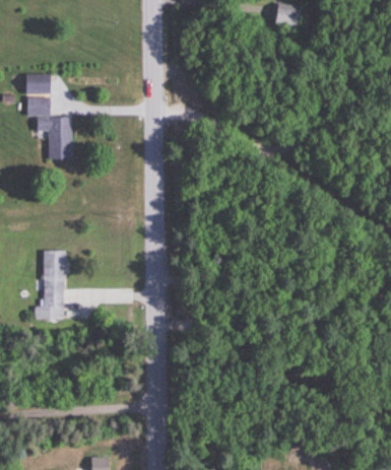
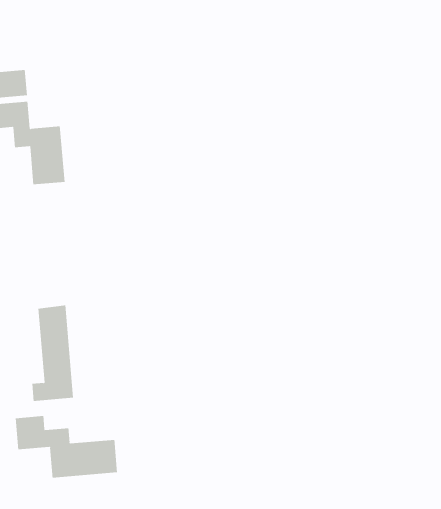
building: none -> [15,415,118,478]

